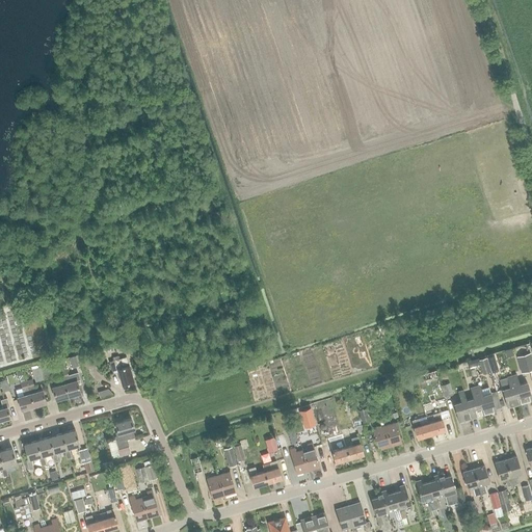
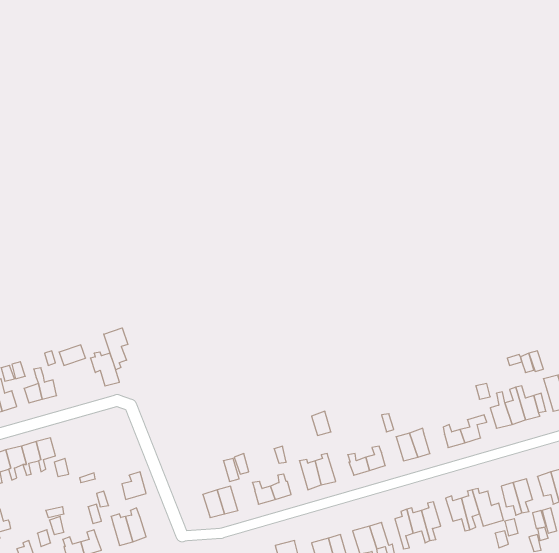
building: none -> [104,328,128,370]
building: [115,419,134,450] -> none

